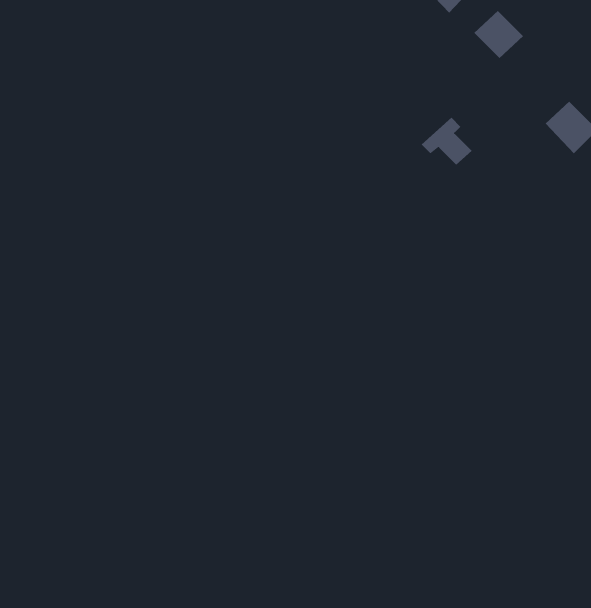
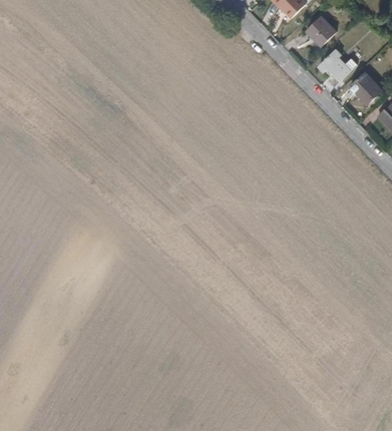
building: [421,117,473,165] -> [318,49,350,79]

